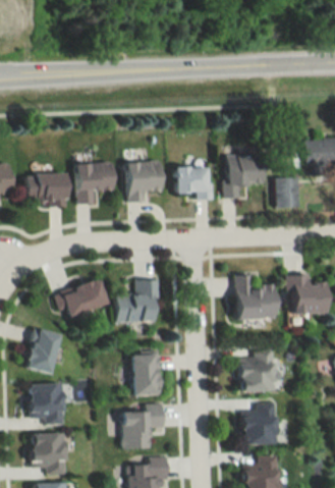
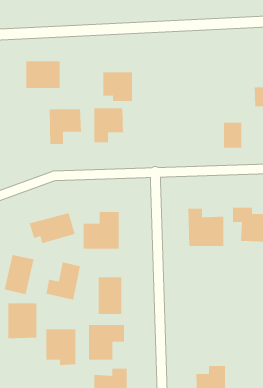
building: [223,154,264,198] -> none
building: [176,165,211,199] -> [102,72,133,101]
building: [27,173,67,205] -> [26,61,61,89]
building: none -> [46,262,81,300]
building: [240,348,275,392] -> none
building: [243,403,277,444] -> none
building: [32,433,66,475] -> [46,329,76,365]

